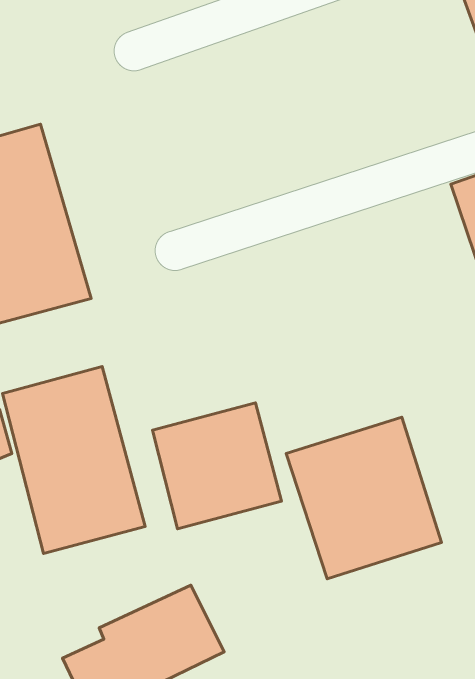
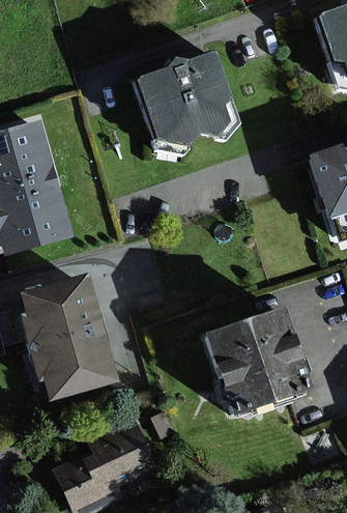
building: none -> [131,52,239,153]
building: [153,403,282,529] -> none

